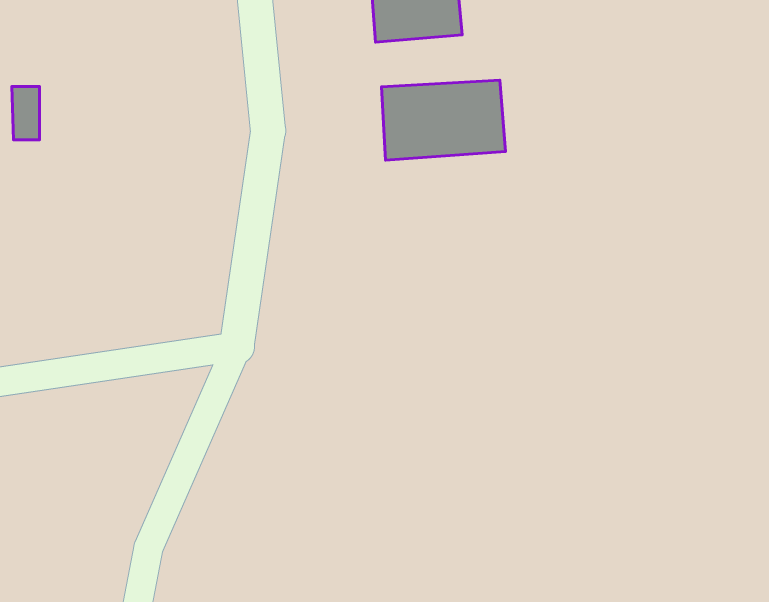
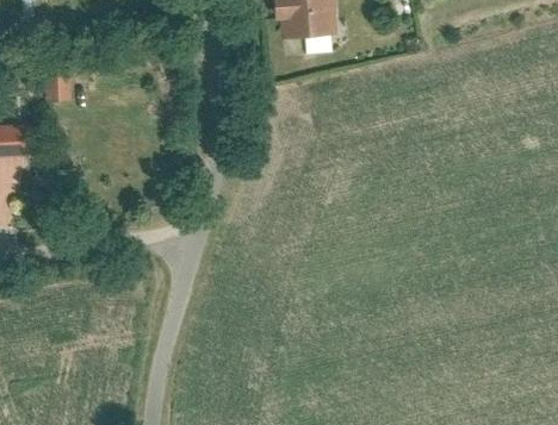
building: [382,80,506,160] -> none

